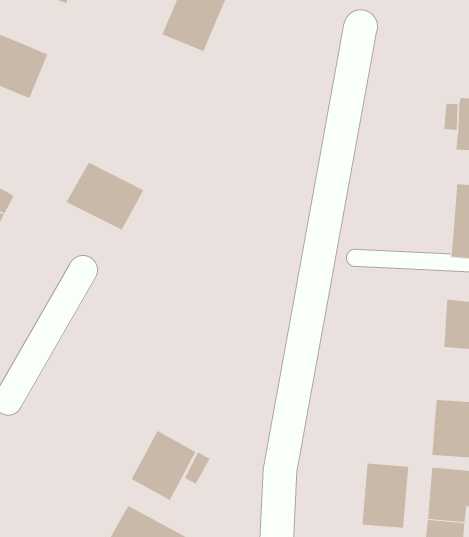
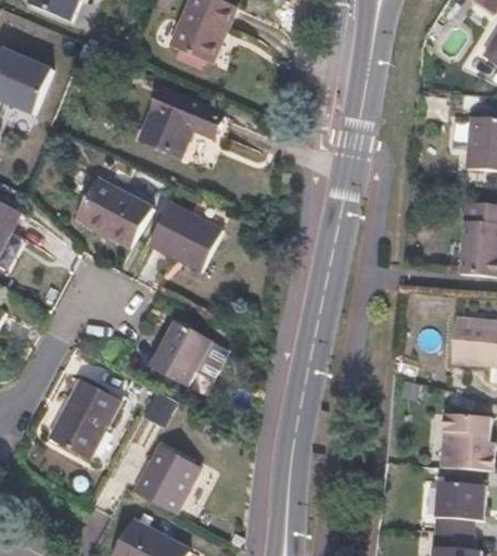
building: none -> [144,93,227,159]
building: none -> [151,206,225,274]
building: none -> [153,325,213,389]
building: none -> [50,381,122,462]
building: [362,463,409,529] -> none

